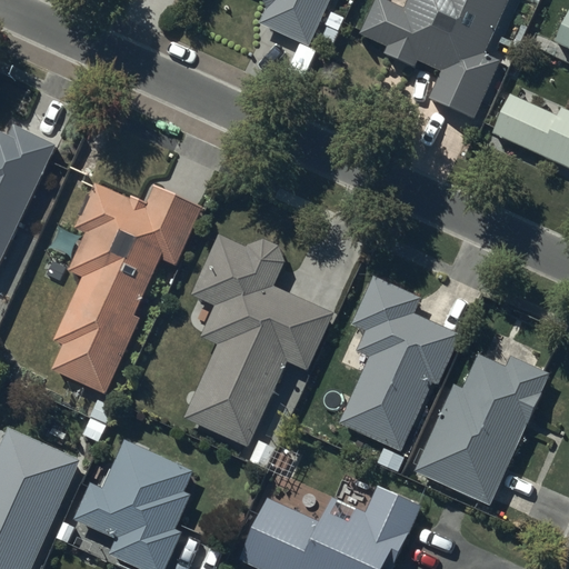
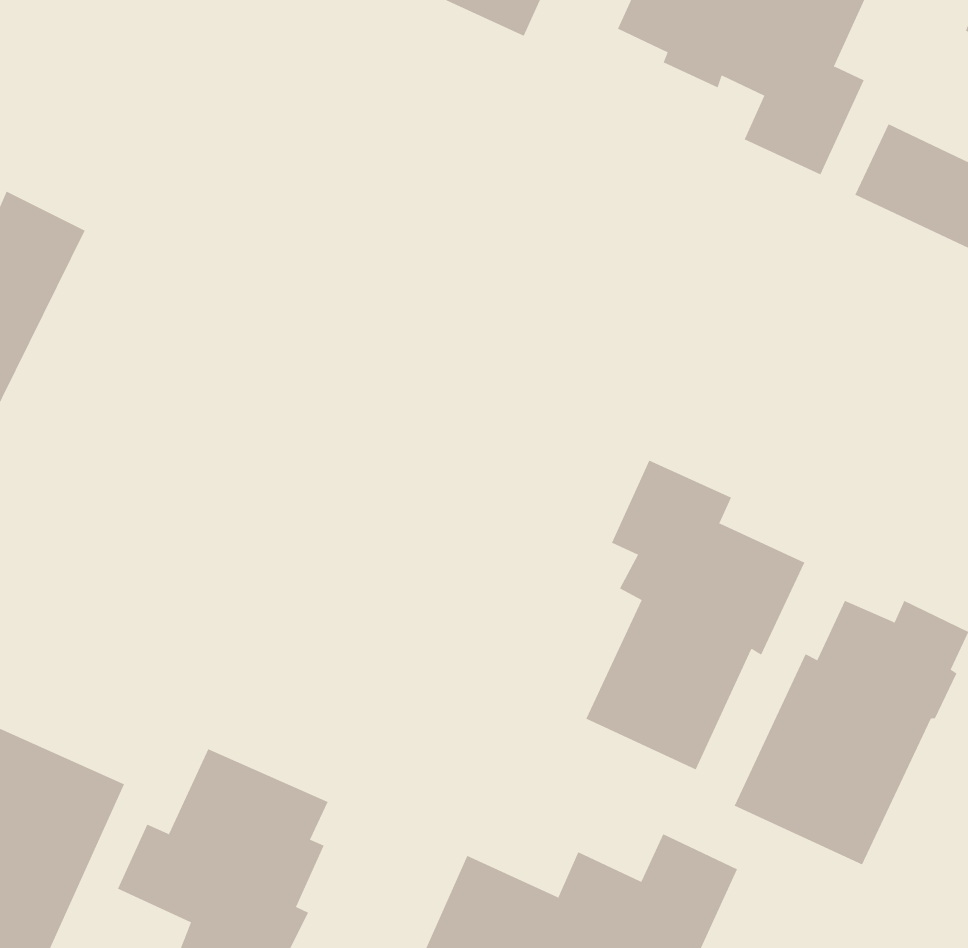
building: [52,183,204,396] -> none
building: [182,233,333,447] -> none

